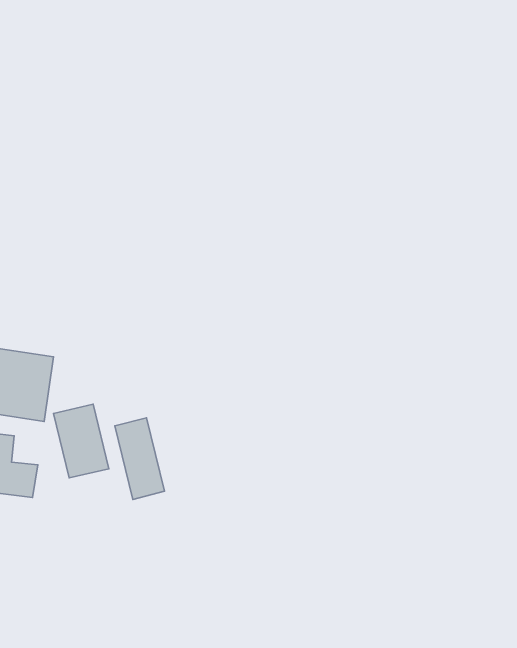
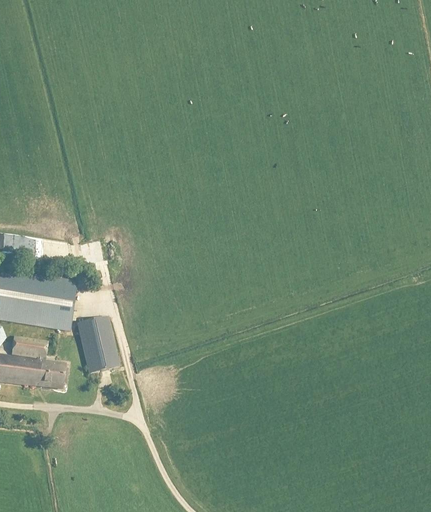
building: [115,418,164,499] -> none

